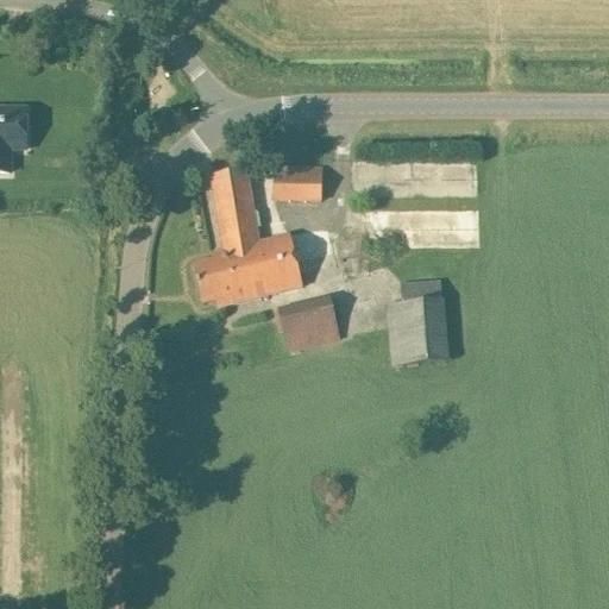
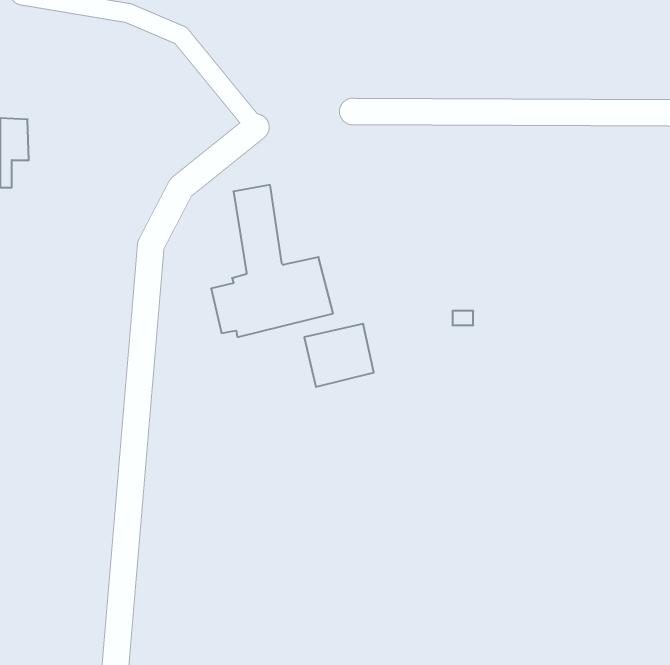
building: [272,165,321,201] -> none
building: [387,297,448,363] -> none

